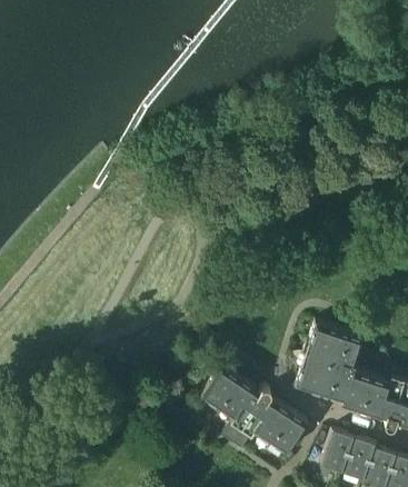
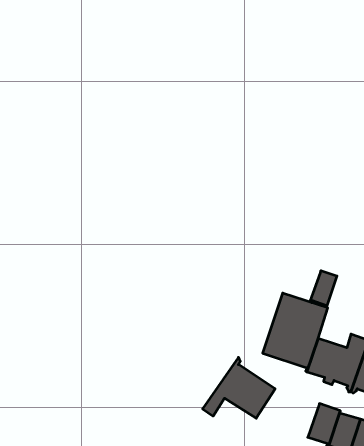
building: none -> [310,271,337,306]
building: [202,367,271,446] -> none
building: [322,433,357,476] -> none

